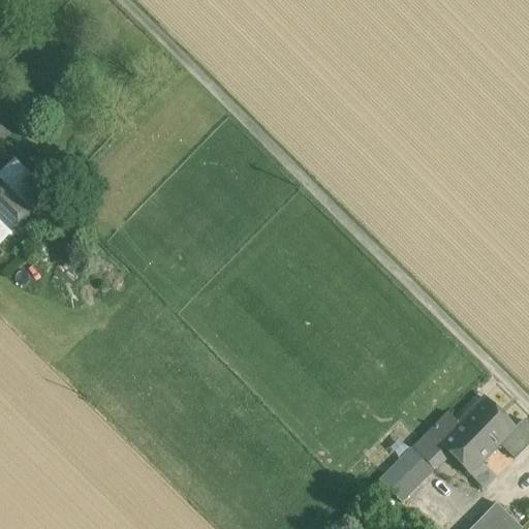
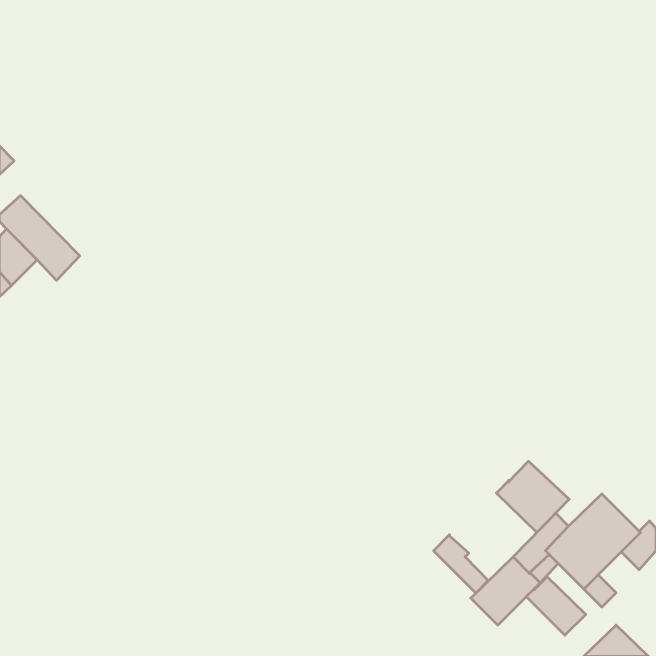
building: none -> [496,461,569,532]
building: none -> [434,535,488,593]
building: none -> [526,577,586,635]

